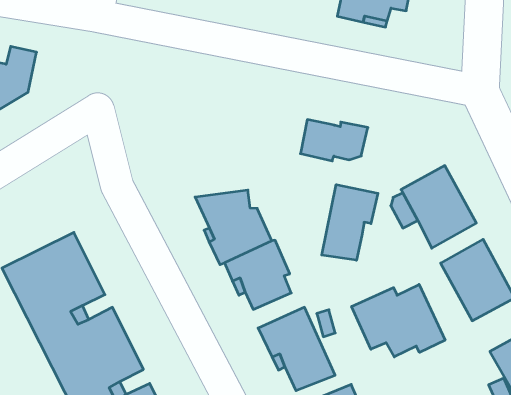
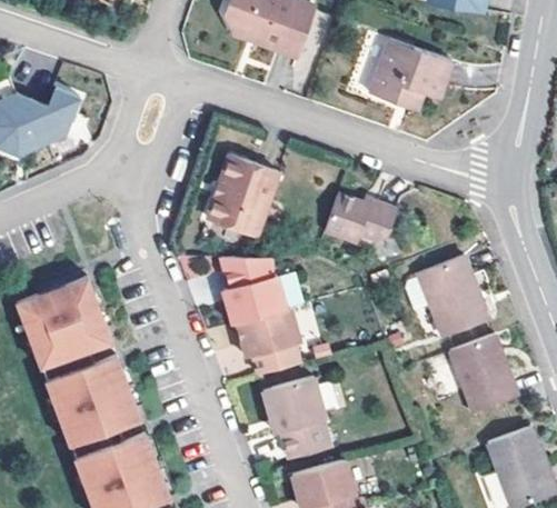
building: none -> [208,156,278,235]
building: [322,185,378,260] -> none
building: [352,284,445,357] -> none

